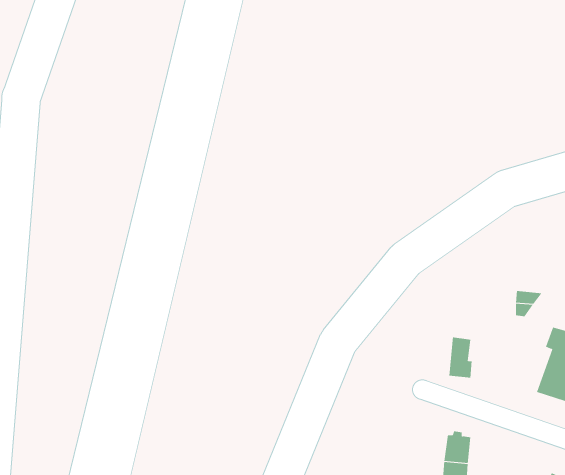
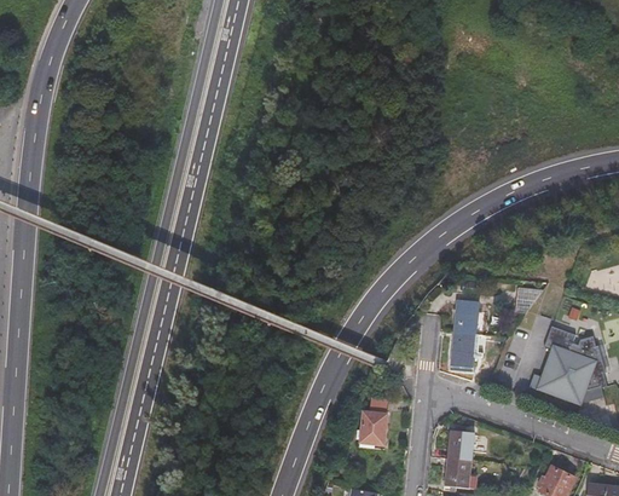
building: none -> [455,306,479,339]
building: none -> [358,396,386,443]

